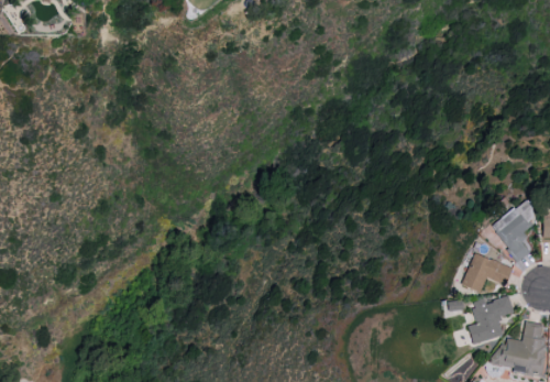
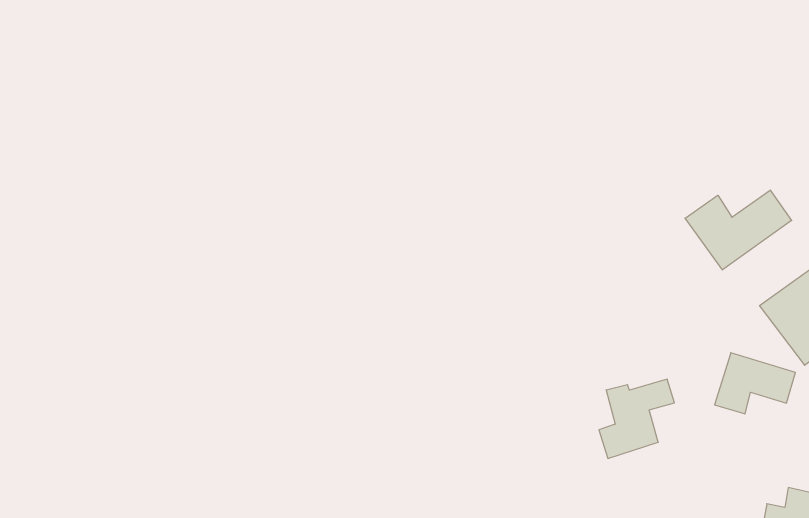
building: none -> [685,190,792,270]
building: [469,296,515,345] -> [599,379,674,458]

